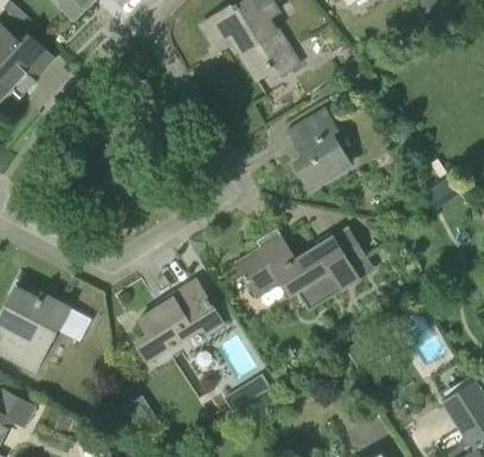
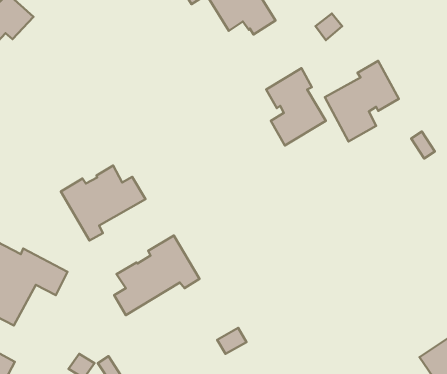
building: none -> [325,61,399,141]
building: none -> [61,166,146,240]
building: [237,226,367,311] -> none

